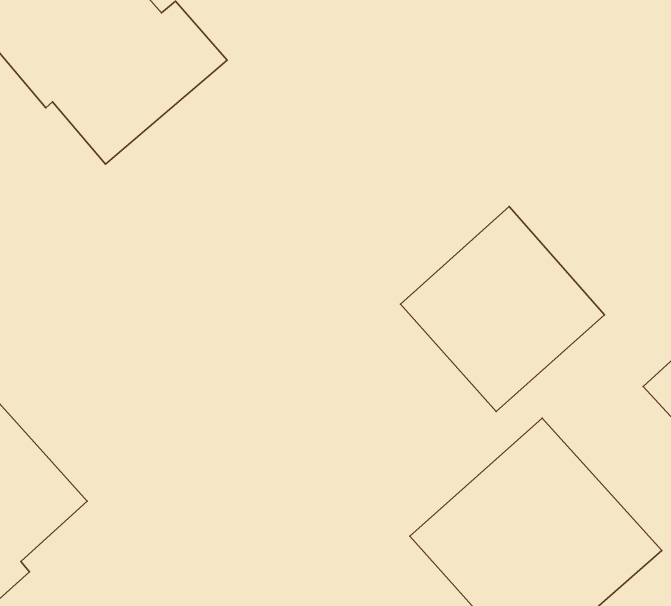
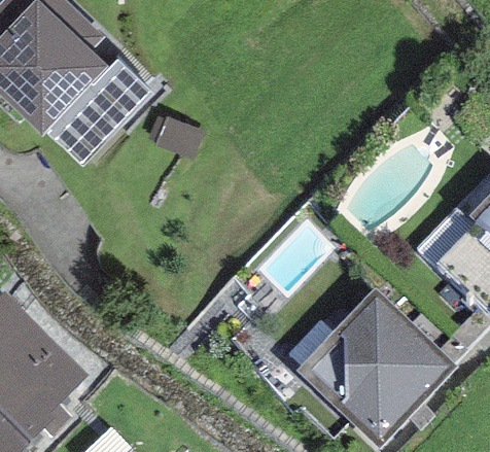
building: [401,206,605,411] -> none

